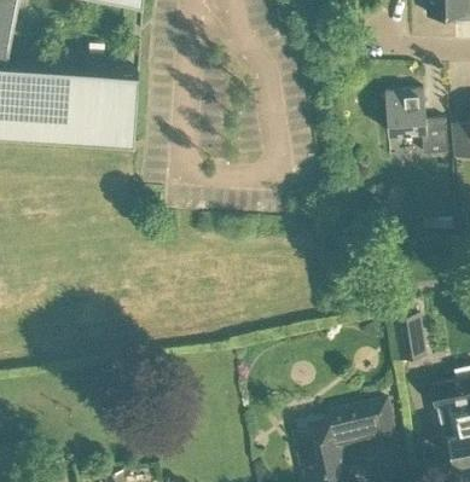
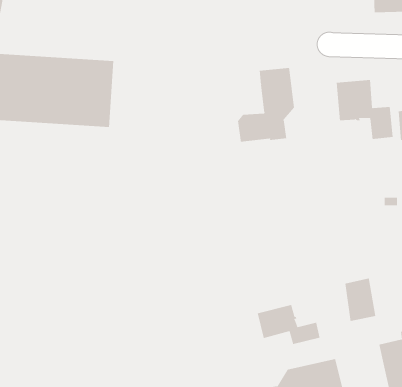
building: none -> [238,67,294,142]
building: none -> [257,304,320,345]

